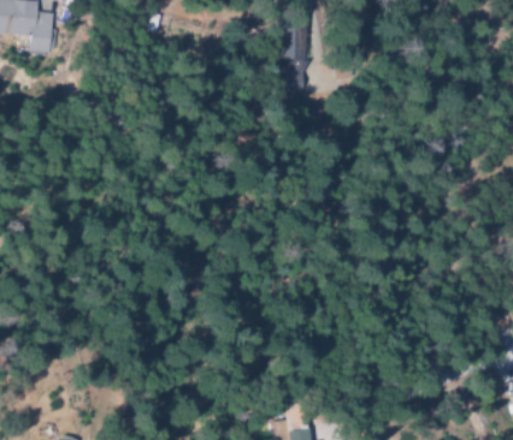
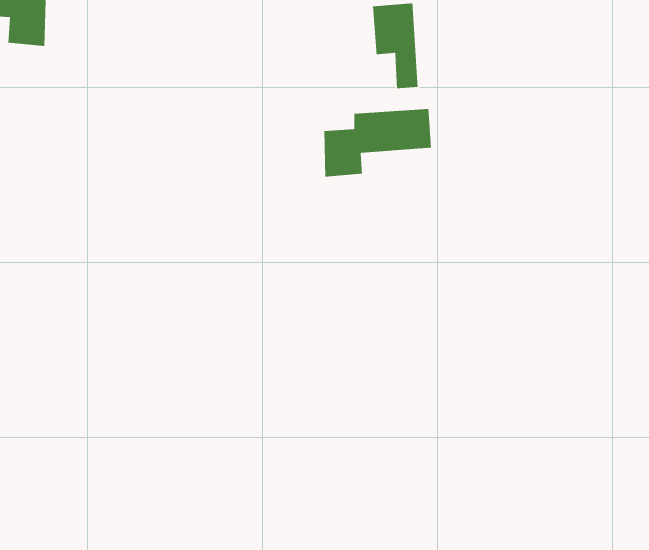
building: none -> [323,108,432,178]

